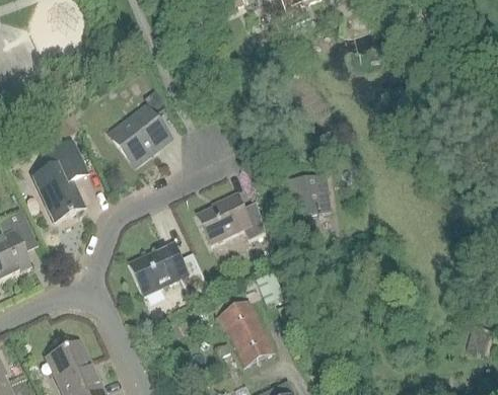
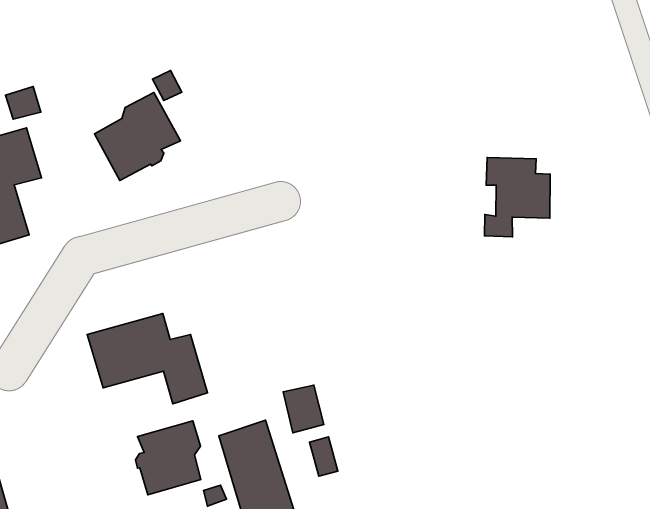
building: [286,174,331,227] -> [485,158,550,237]
building: [197,191,265,243] -> none
building: none -> [135,421,201,495]

